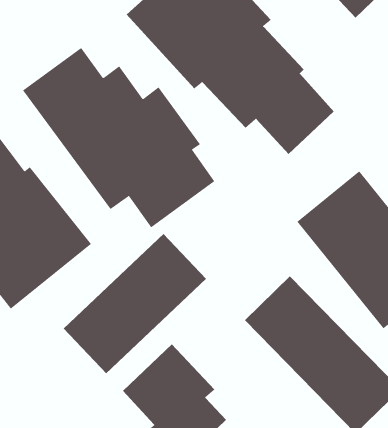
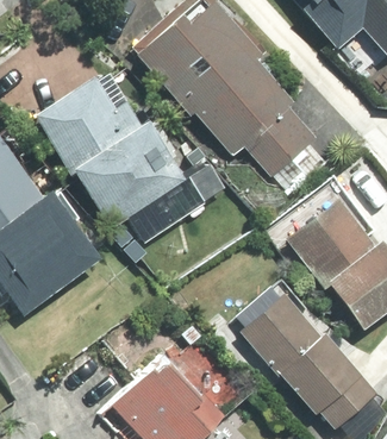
building: [63,233,207,374] -> none

